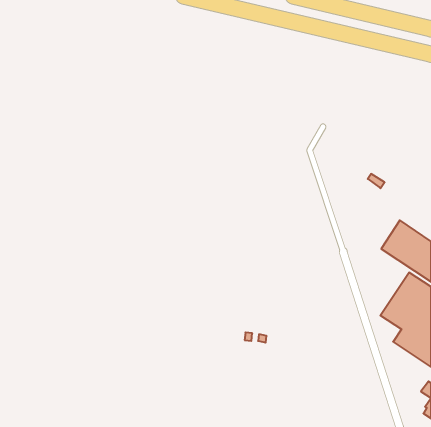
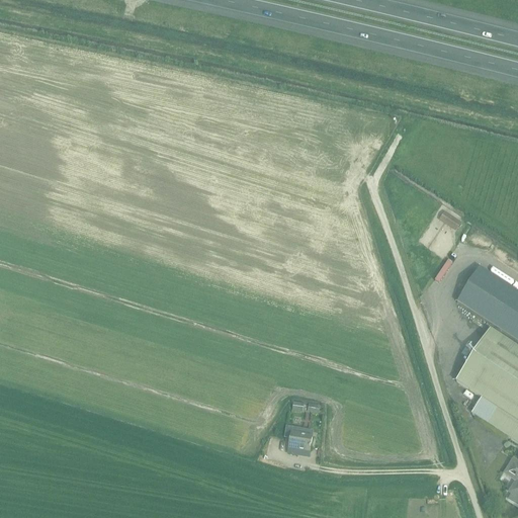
building: none -> [284,423,313,451]

